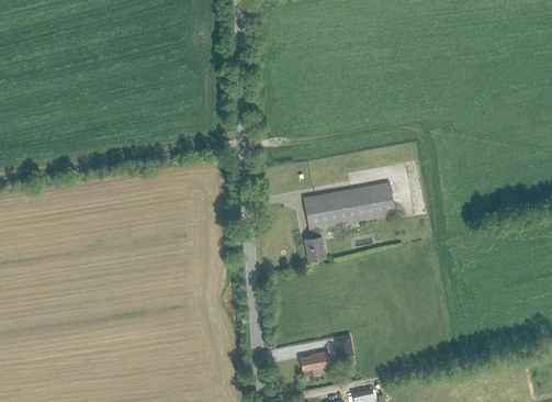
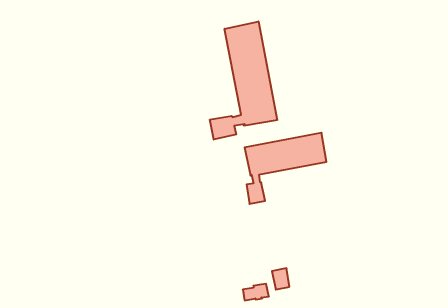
building: none -> [210,21,277,140]

